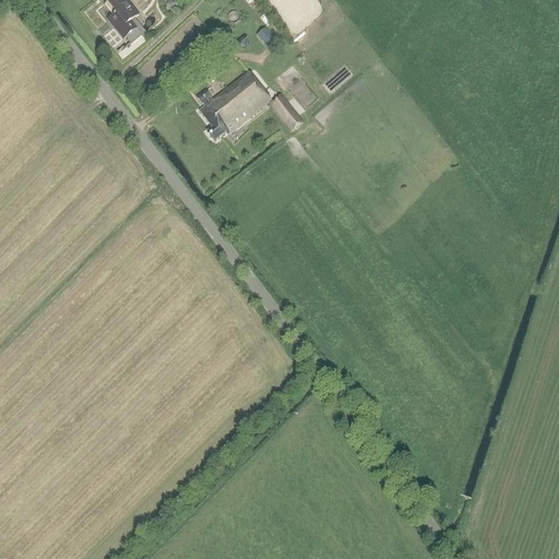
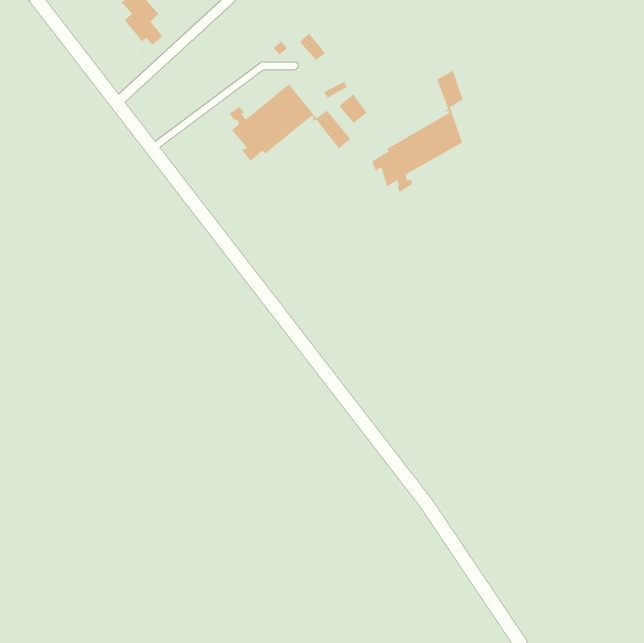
building: none -> [371,70,463,193]

